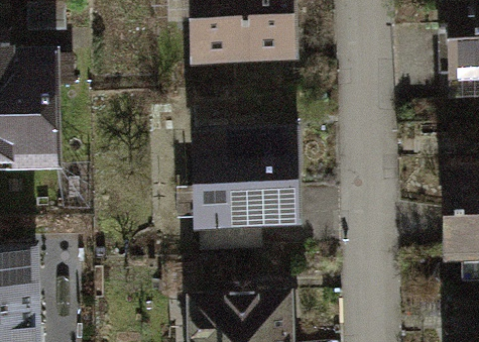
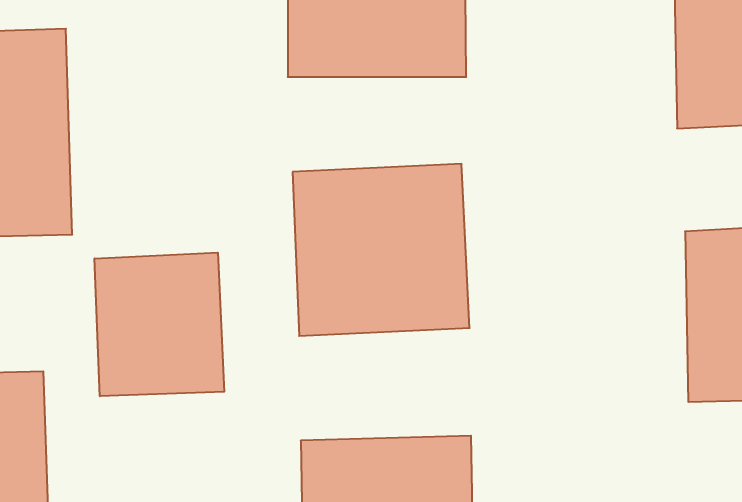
building: none -> [95,253,224,396]

